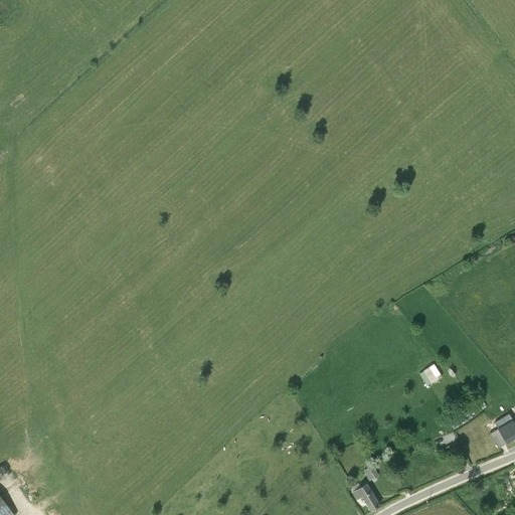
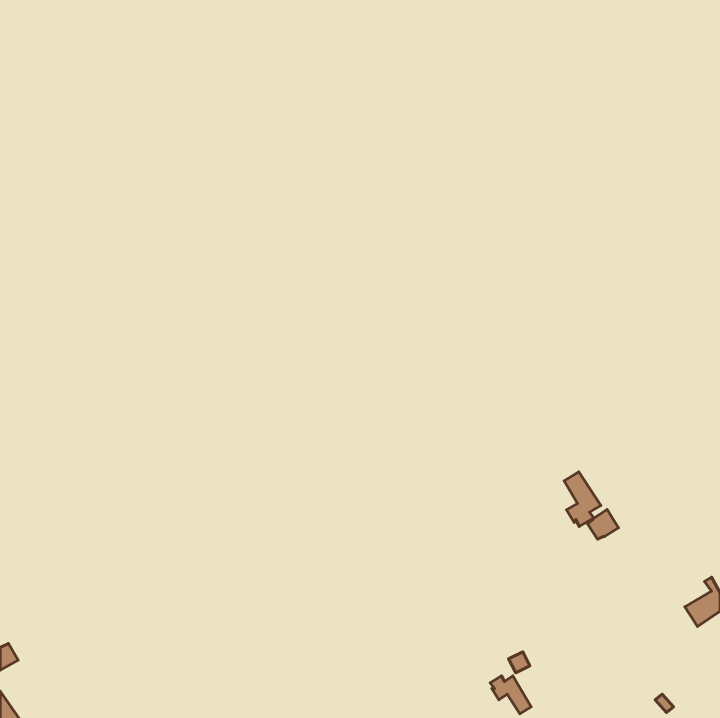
building: none -> [564,472,601,527]

